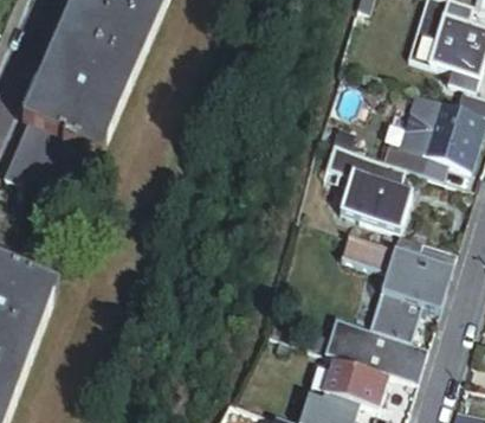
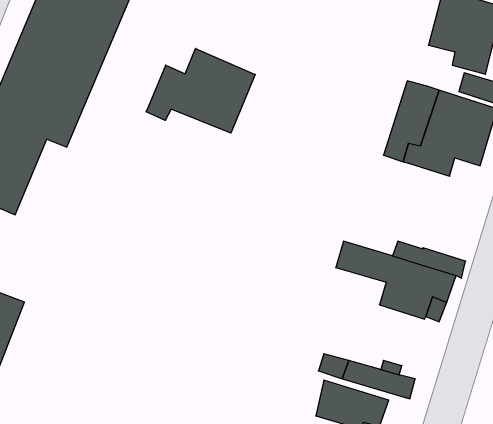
building: none -> [146,48,255,133]
building: [325,143,412,231] -> none
building: [366,291,419,342] -> none

